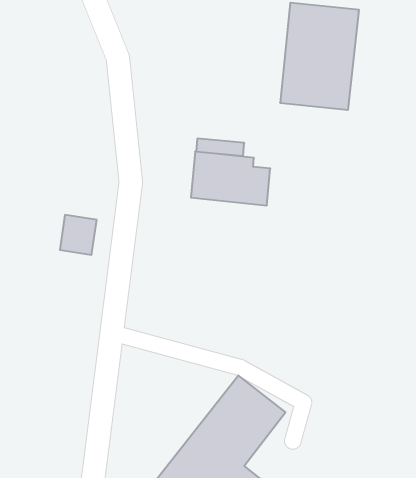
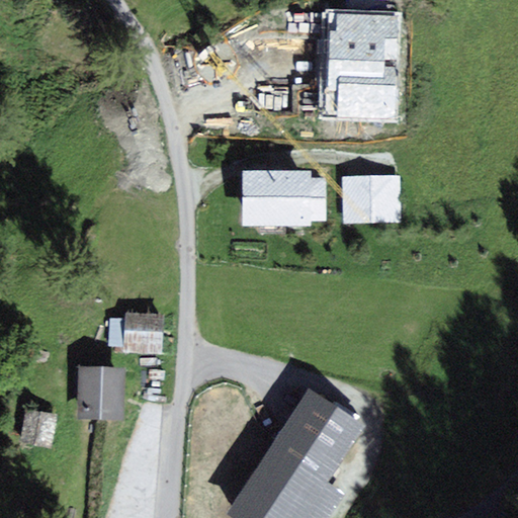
building: none -> [344,179,397,218]
building: [60,215,97,255] -> [125,314,160,351]
building: none -> [80,367,118,416]

